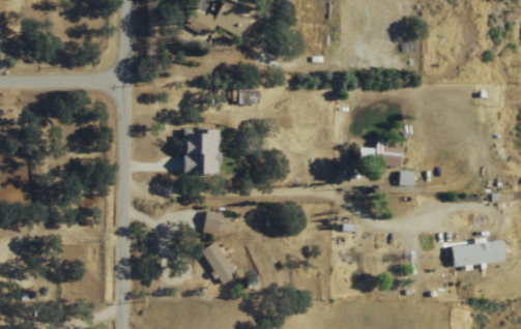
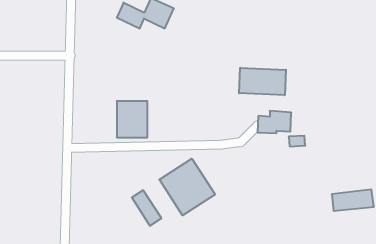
building: none -> [239,68,286,95]
building: none -> [159,159,215,215]

